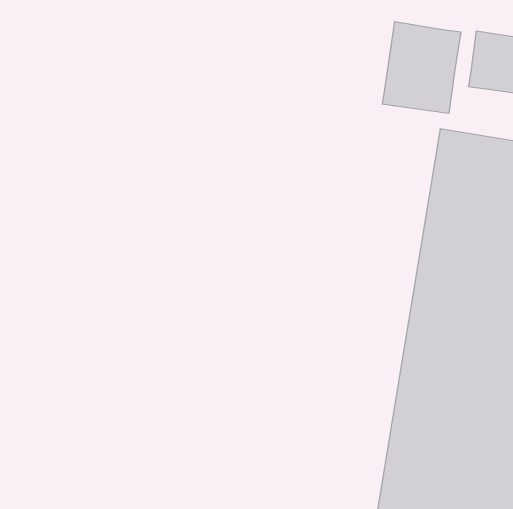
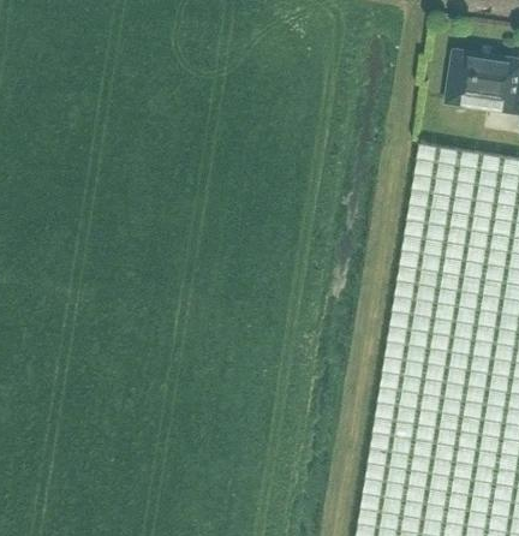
building: [382,21,461,113] -> none

